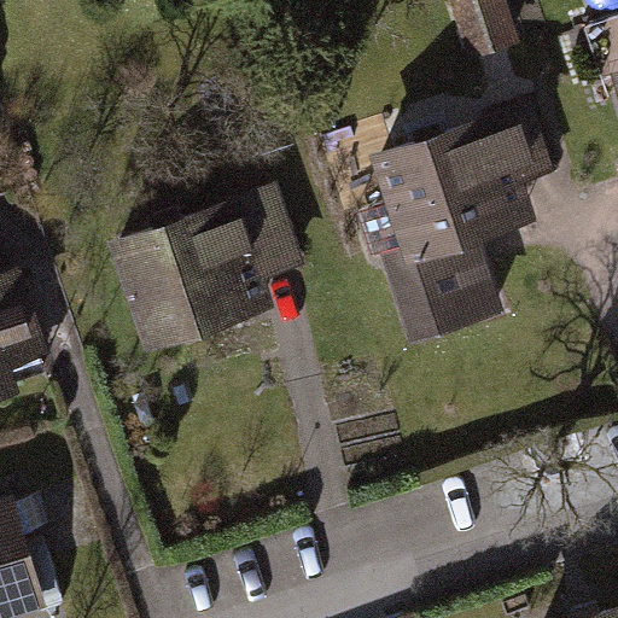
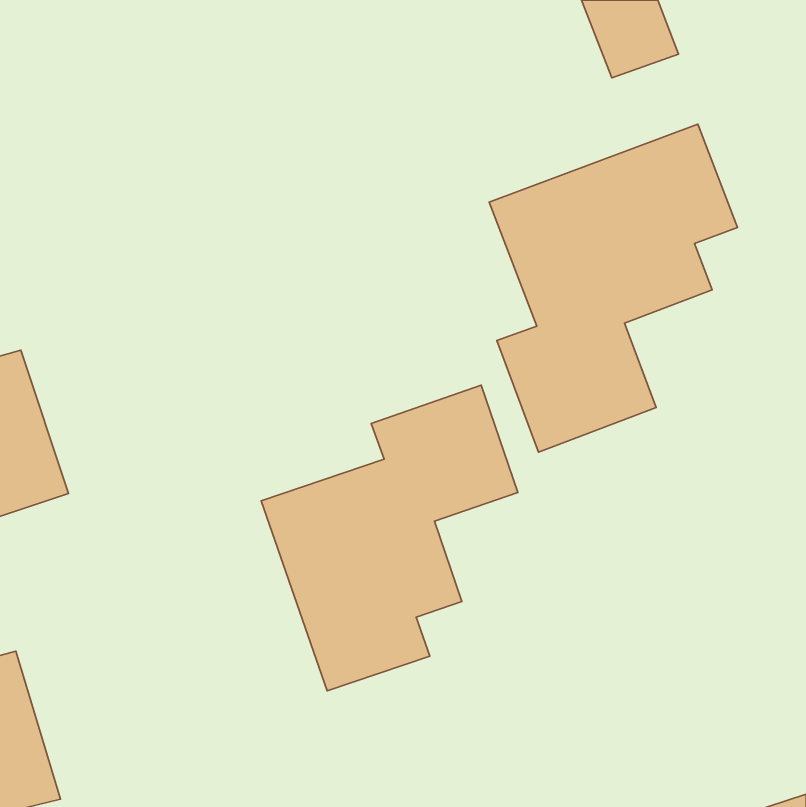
building: [104,183,305,355] -> none
building: none -> [261,385,518,691]

